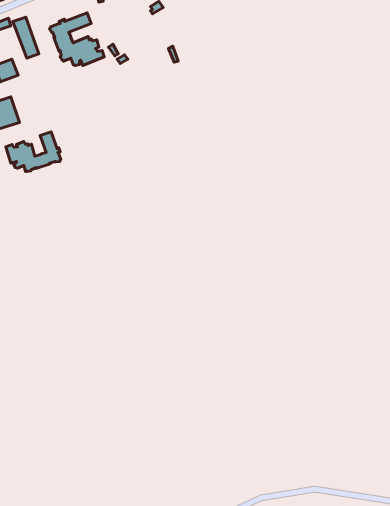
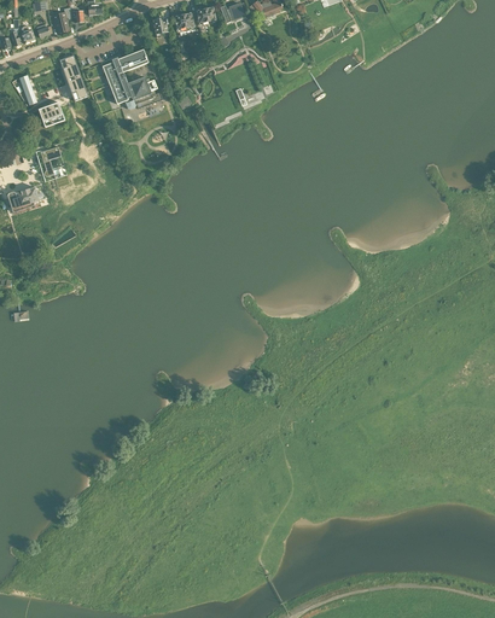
building: [6,132,61,172] -> none

